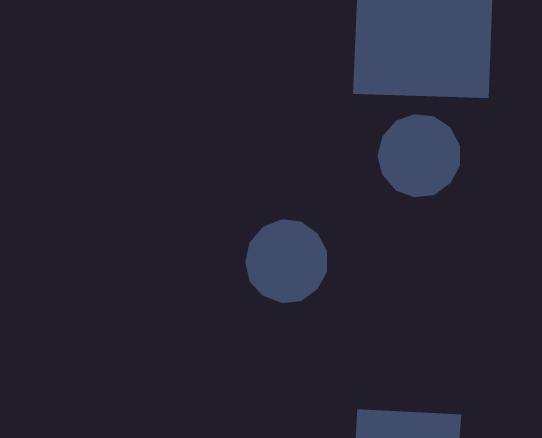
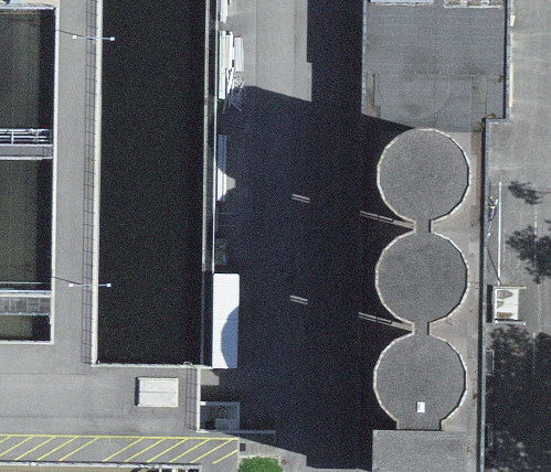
building: [244,219,328,304] -> [379,236,463,321]
building: none -> [371,333,456,418]

